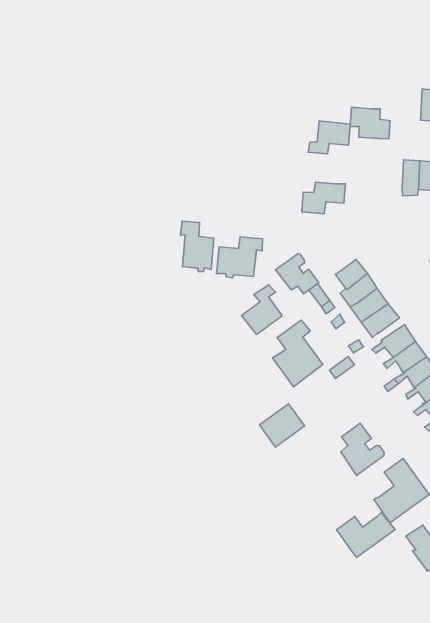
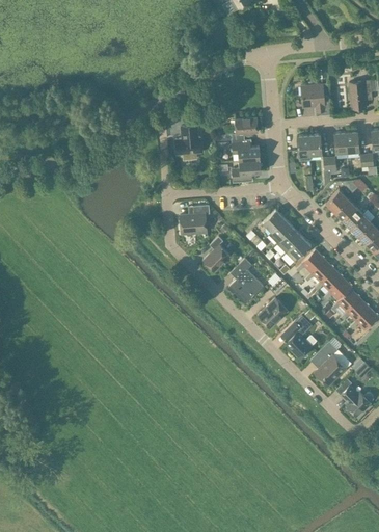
building: [350,107,390,139] -> [229,139,259,161]
building: none -> [173,125,200,159]
building: [180,221,214,271] -> none
building: [276,254,319,294] -> none
building: [259,404,305,447] -> [256,298,288,329]
building: [336,512,395,558] -> none

